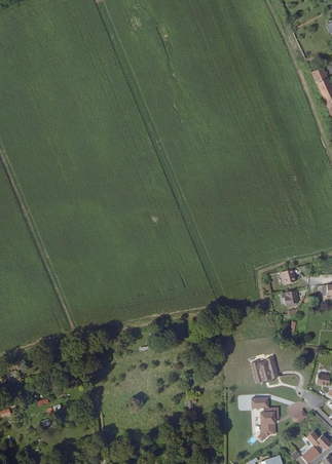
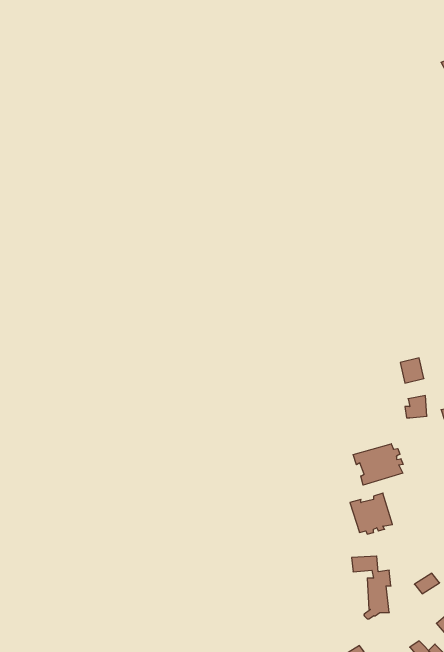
building: none -> [353,444,403,485]

